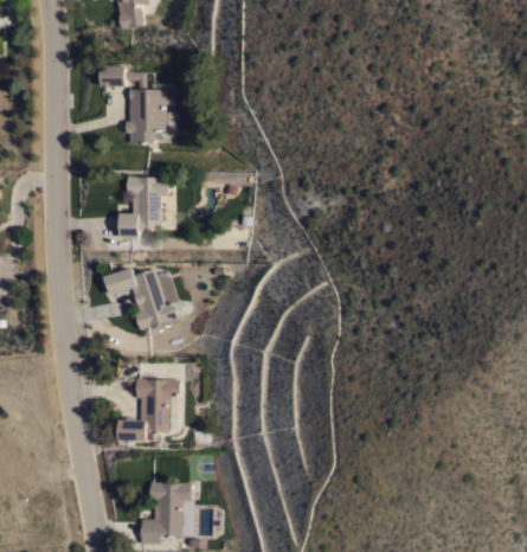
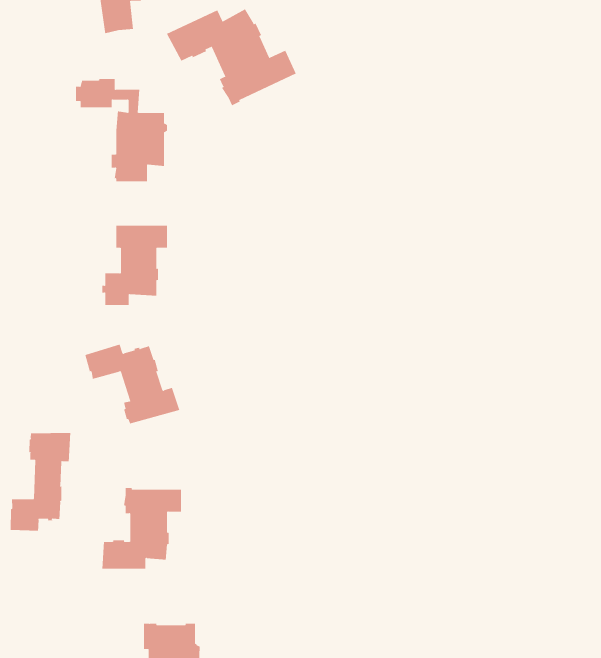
building: none -> [166,8,297,106]
building: none -> [10,432,71,532]

